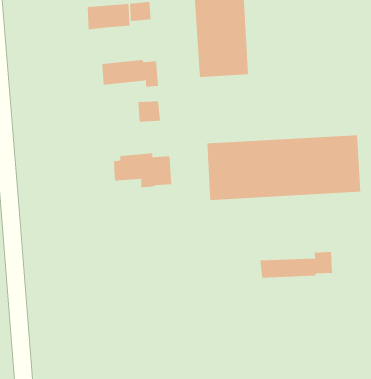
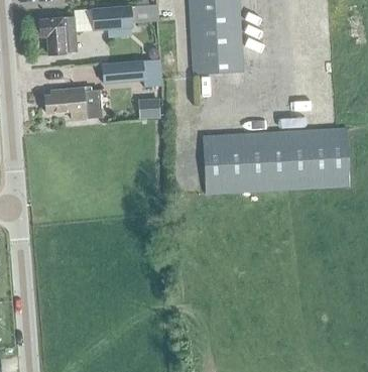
building: none -> [38,16,76,53]
building: [113,153,172,188] -> [44,86,101,119]
building: [260,251,333,278] -> none

